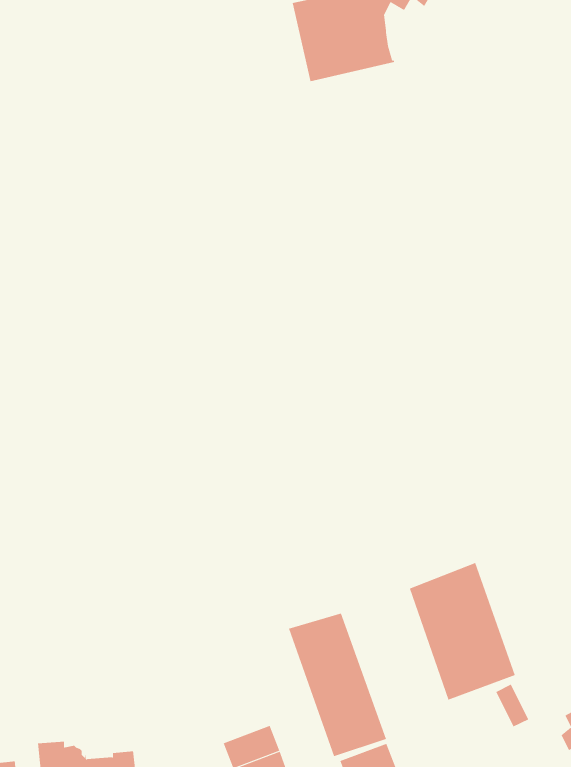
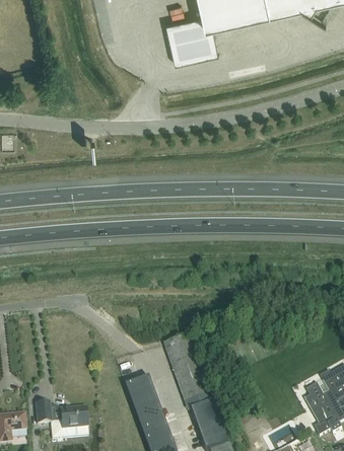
building: [409,562,516,700] -> none
building: none -> [127,381,156,404]

